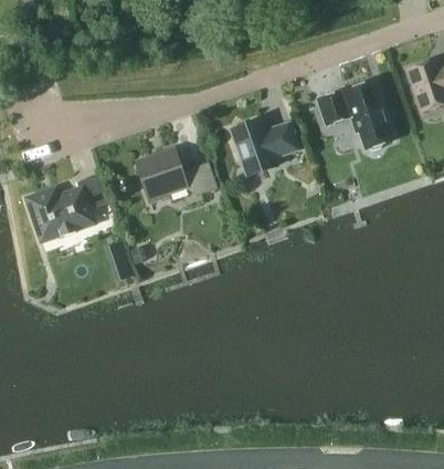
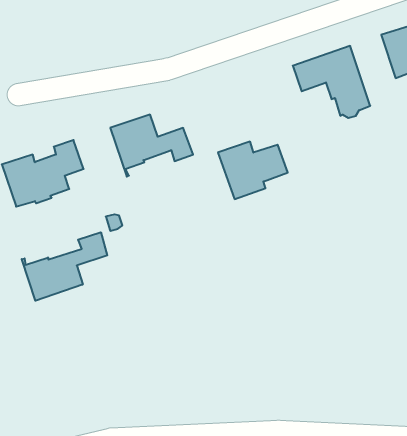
building: [230,118,299,176] -> [218,142,288,199]
building: none -> [22,232,107,301]

